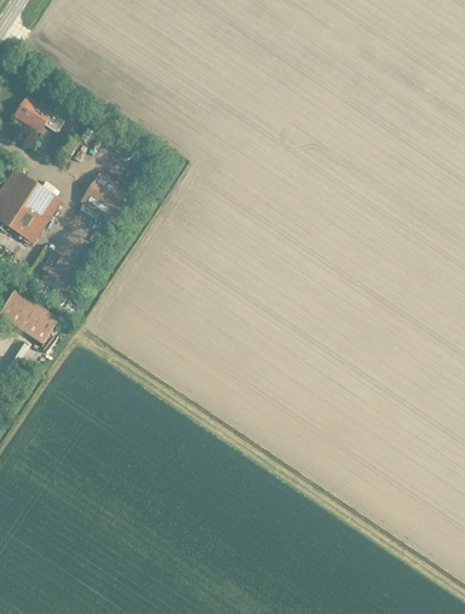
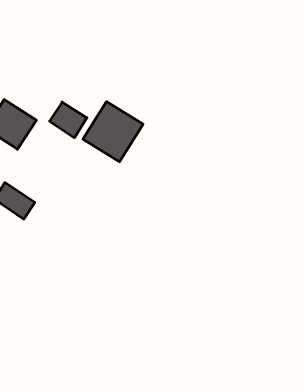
building: [13,96,62,132] -> none
building: none -> [83,102,143,162]

